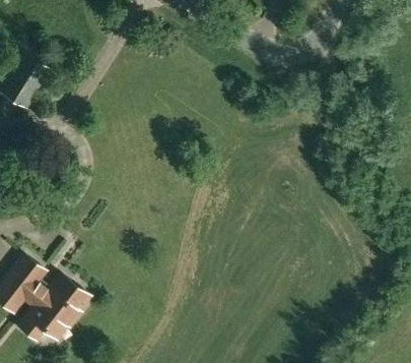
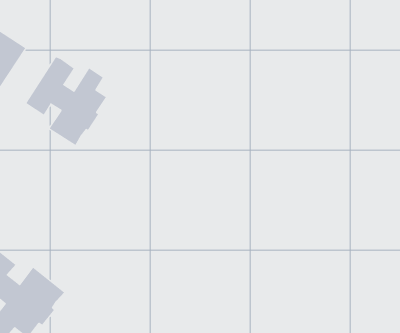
building: none -> [25,56,107,146]

